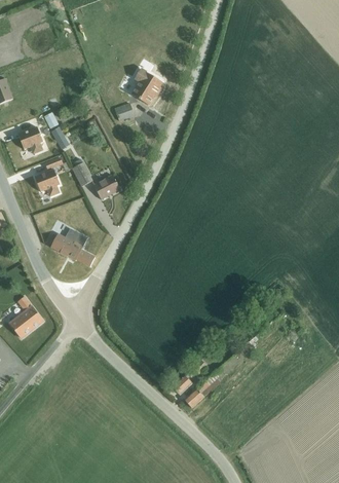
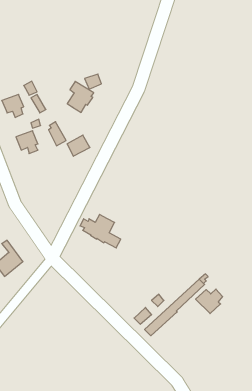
building: [130,68,161,104] -> [67,81,94,112]
building: [46,227,93,266] -> [80,214,121,248]
building: none -> [196,289,223,314]

